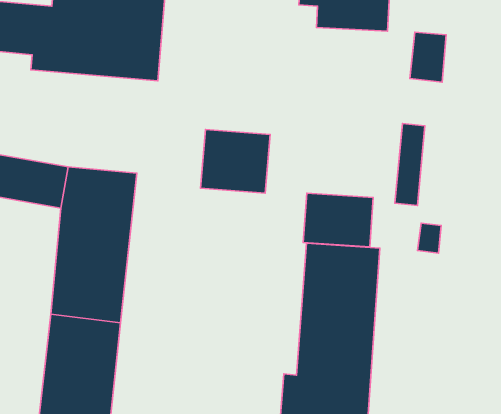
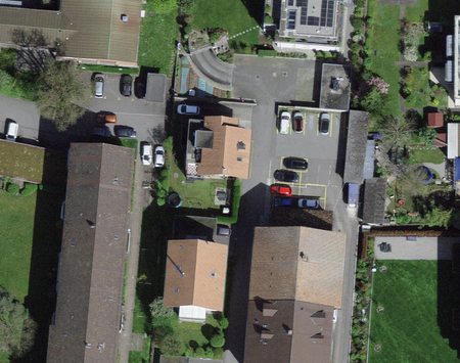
building: [410,32,446,82] -> [319,65,349,106]
building: [303,193,373,247] -> none
building: none -> [166,212,223,307]

